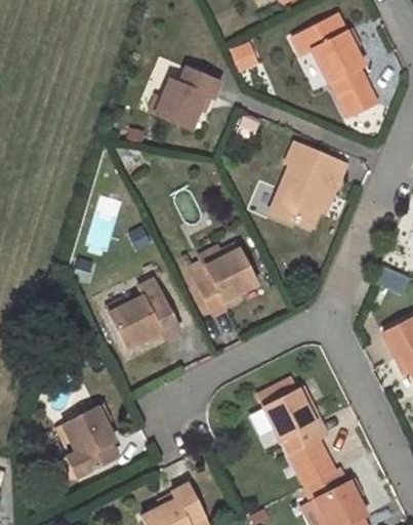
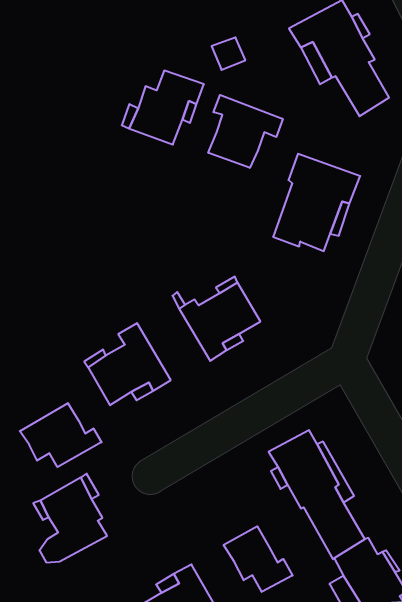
building: none -> [208,95,283,168]
building: none -> [20,403,102,467]
building: none -> [224,526,293,592]

